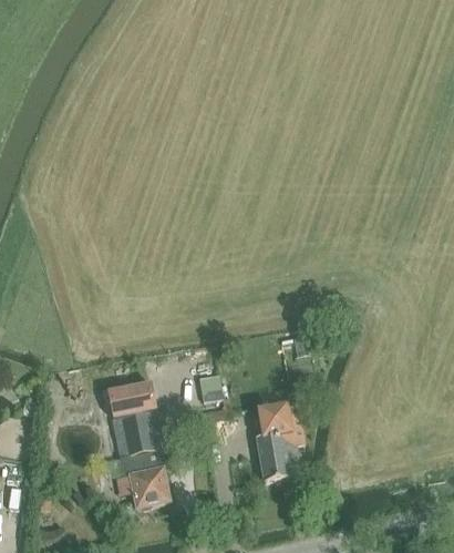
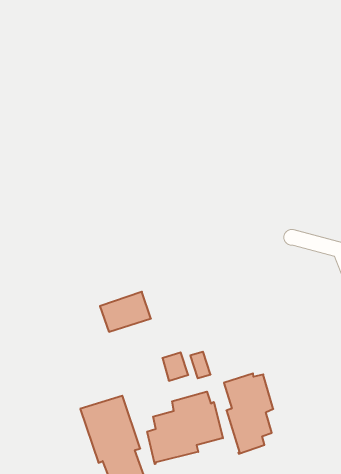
building: [106,381,155,417] -> [100,292,151,332]
building: none -> [147,392,223,464]

